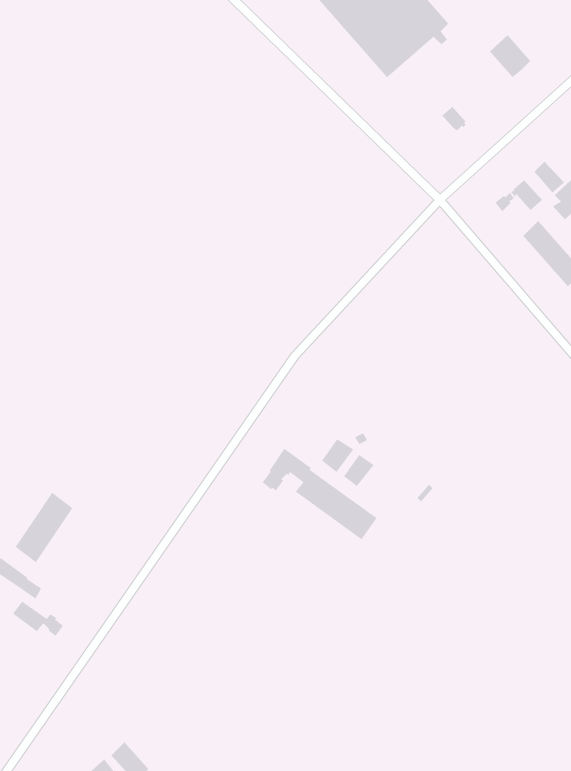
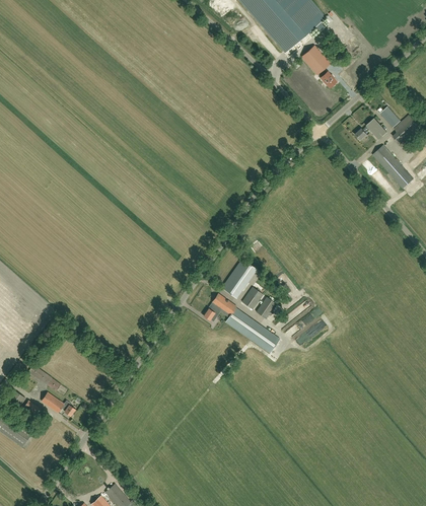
building: [489,34,531,78] -> [302,46,330,74]
building: none -> [222,268,251,297]
building: [15,492,73,563] -> none

